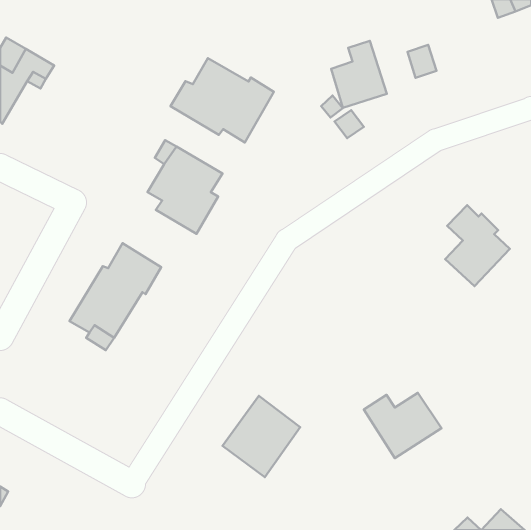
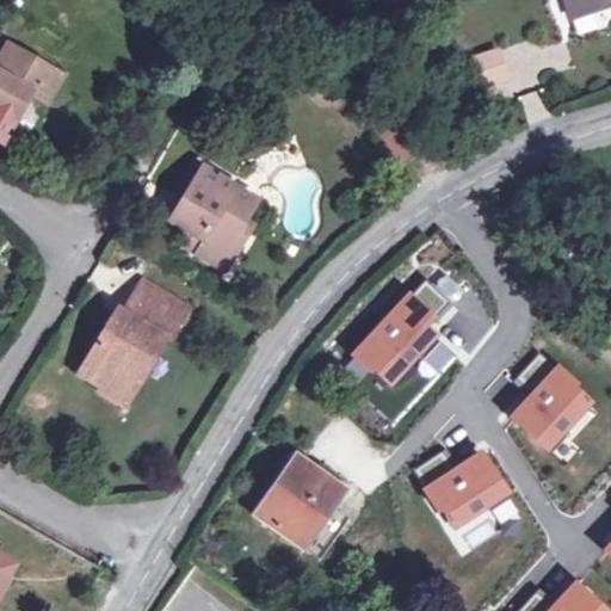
building: [331,41,387,108] -> none
building: [170,58,274,142] -> none
building: [445,205,510,286] -> [514,356,588,449]
building: none -> [354,284,446,385]

